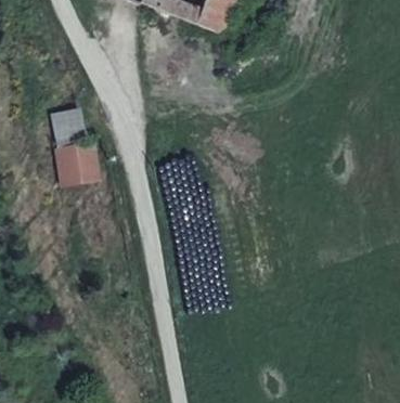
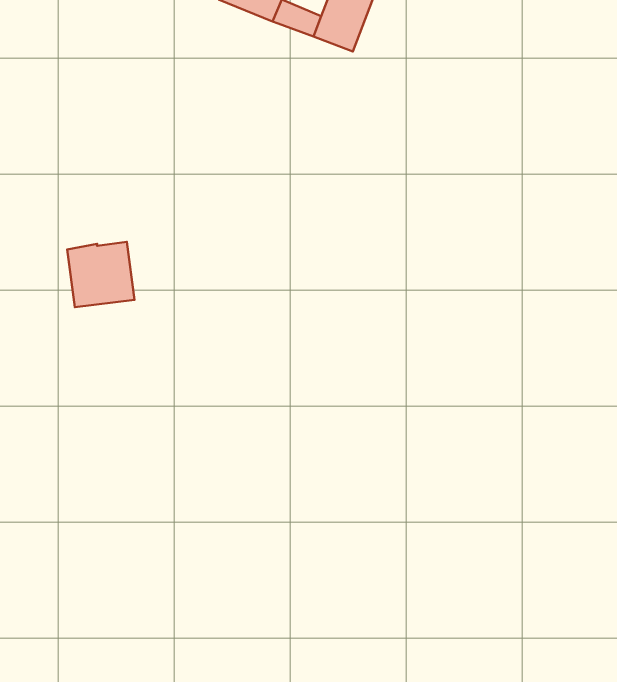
building: [50,107,85,145] -> none

